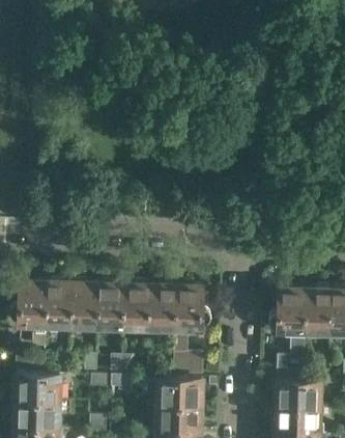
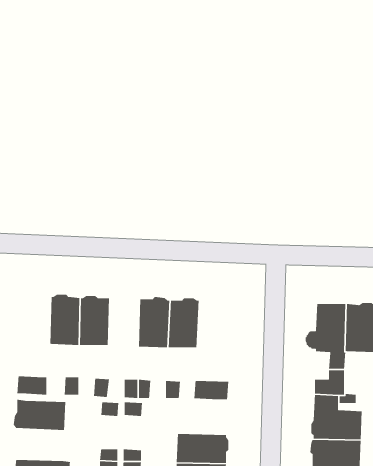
building: [9,283,46,353] -> none
building: [96,283,123,329] -> none
building: [174,288,210,355] -> none
building: [156,379,203,406] -> none
building: [12,401,58,429] -> none

